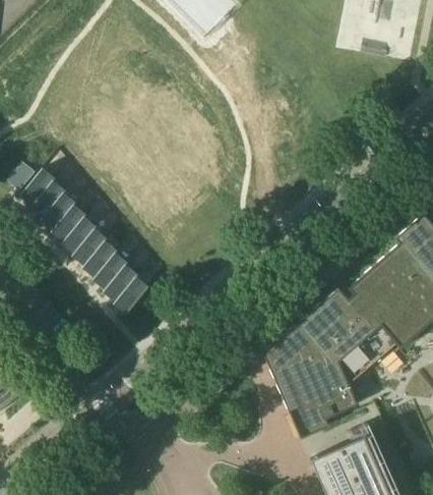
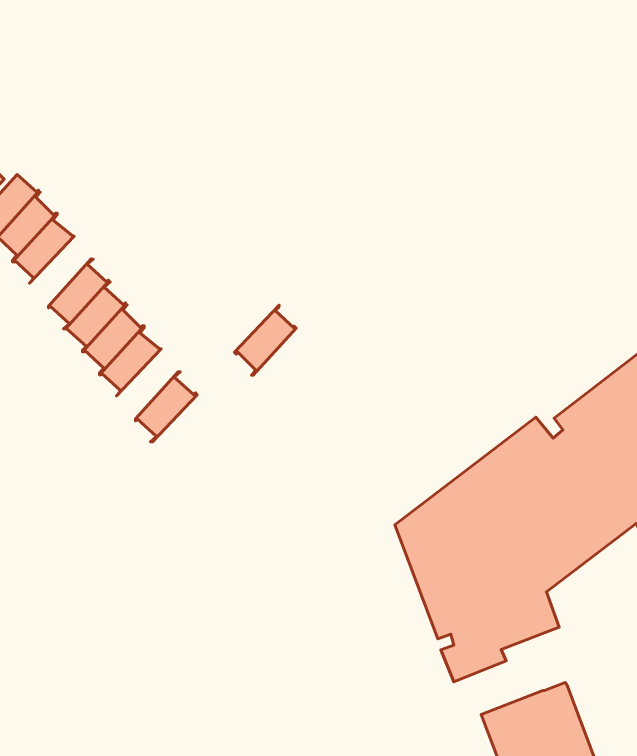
building: [52,202,85,241] -> none
building: [104,262,137,301] -> [234,305,296,375]

